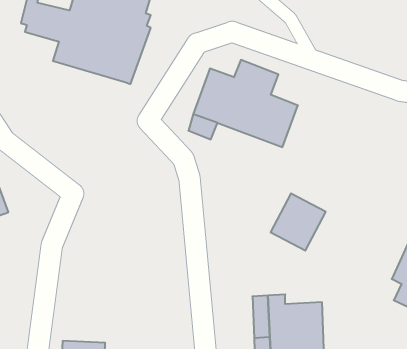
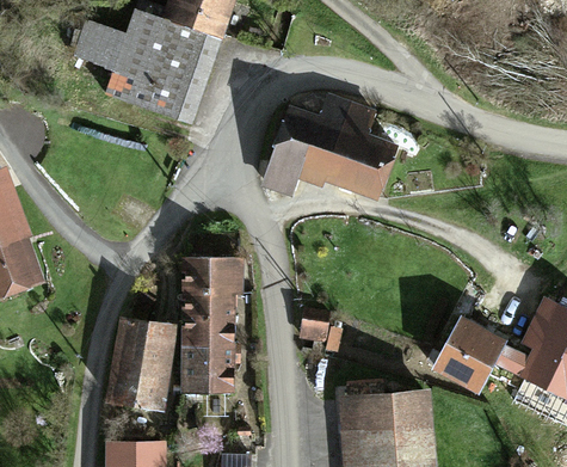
building: none -> [183,258,236,394]
building: [271,193,326,251] -> [438,321,506,392]
building: none -> [107,318,172,411]

